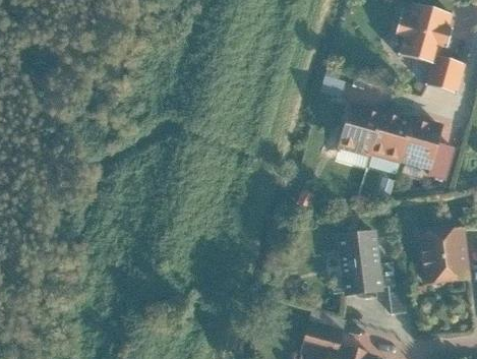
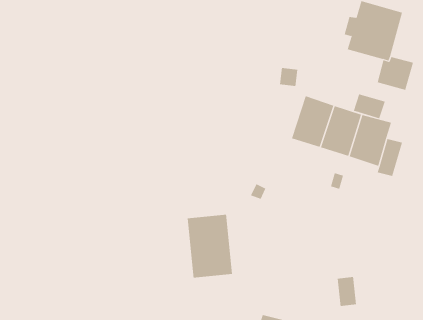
building: none -> [353,93,385,119]
building: [417,230,466,284] -> none
building: [338,233,384,298] -> [187,214,233,278]

